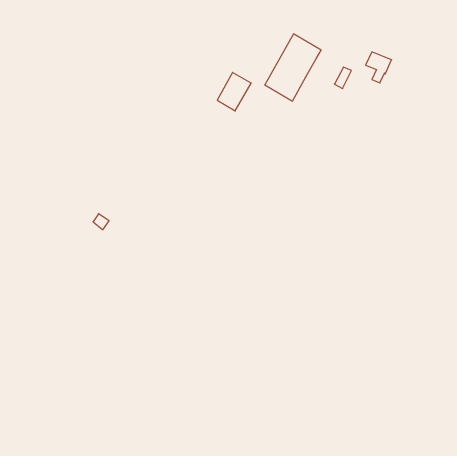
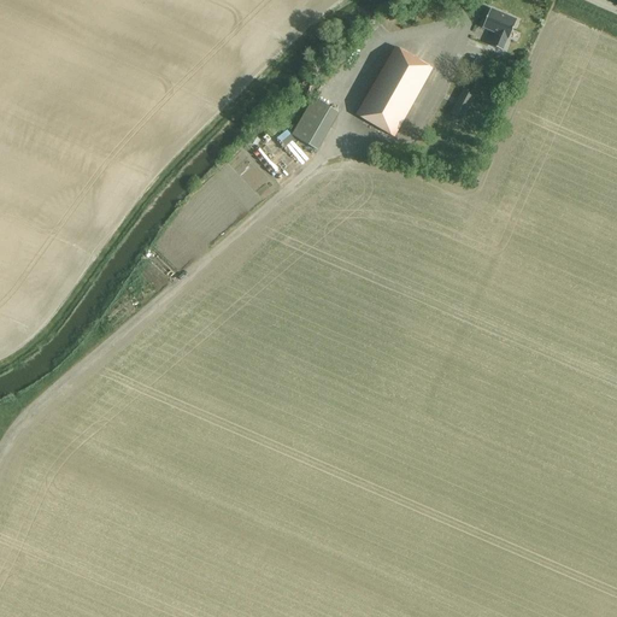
building: [366,52,392,83] -> [482,8,517,51]

